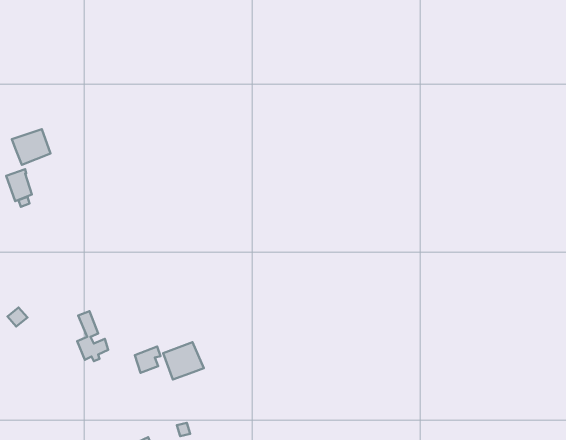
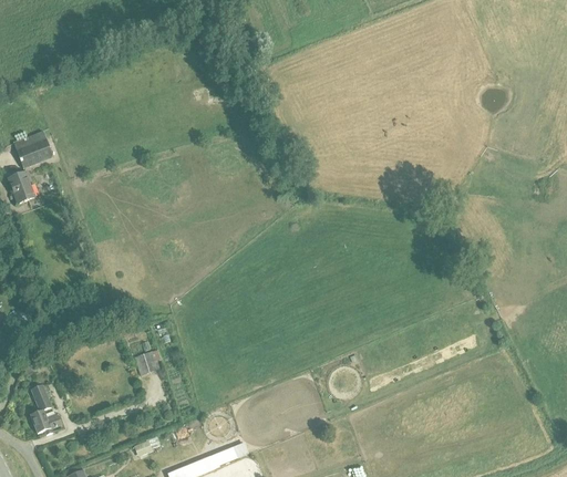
building: [77,311,108,361] -> [30,384,61,434]
building: [163,342,204,379] -> none

